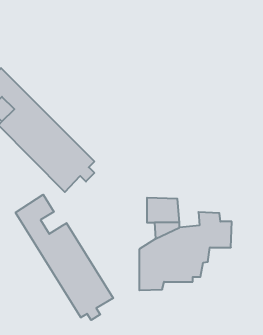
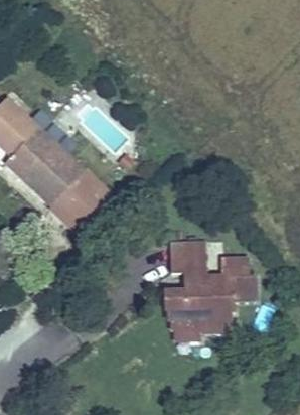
building: [16,195,113,320] -> none

